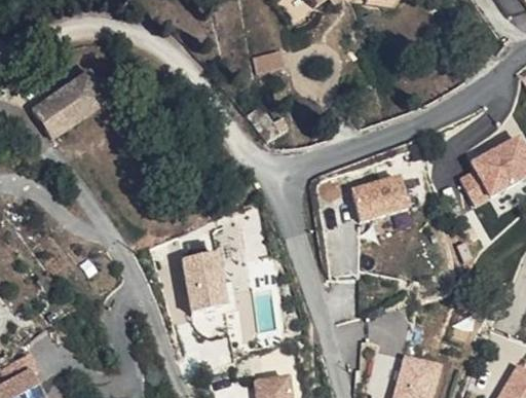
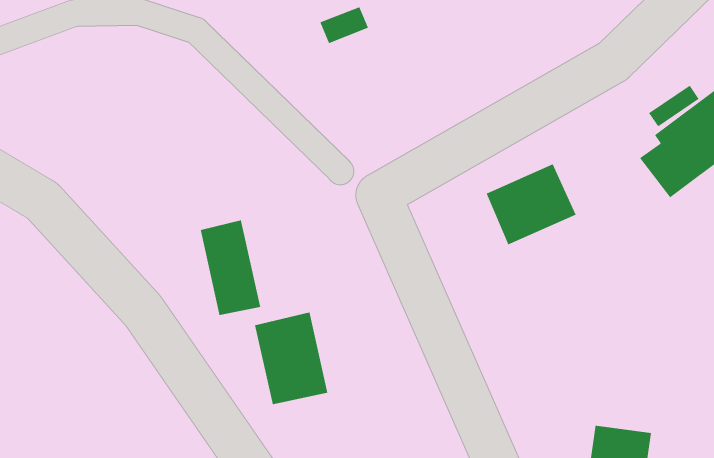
building: [35,68,107,131] -> none
building: none -> [200,220,261,316]

